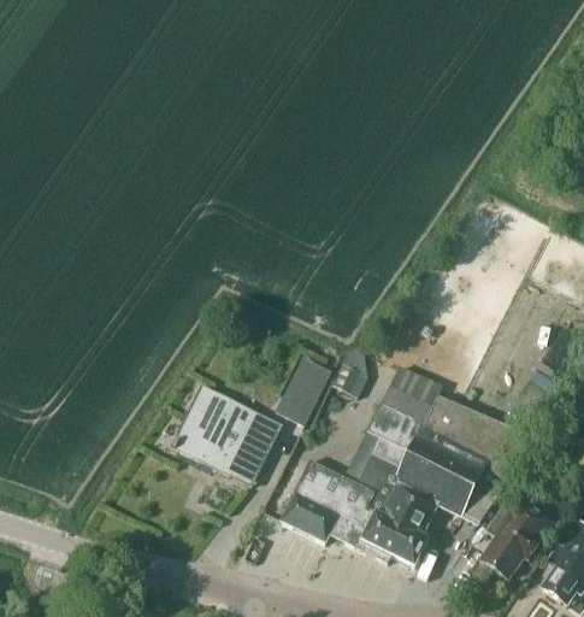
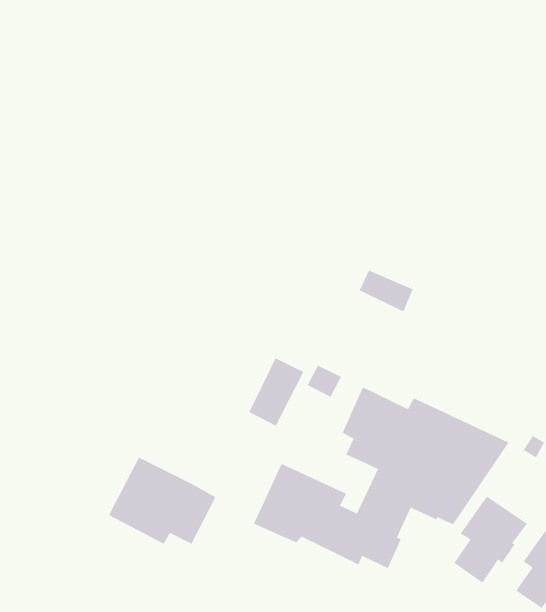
building: [389,365,443,407] -> [359,270,413,312]
building: [172,386,279,472] -> [108,457,216,544]
building: [358,453,403,511] -> none

